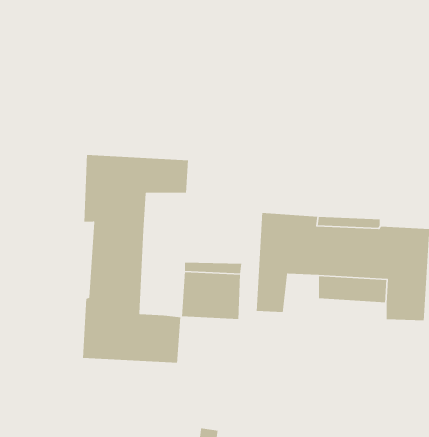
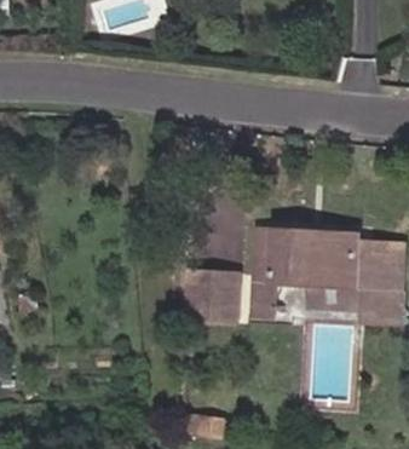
building: [82,154,189,364] -> none

